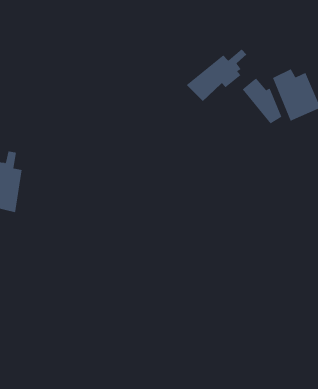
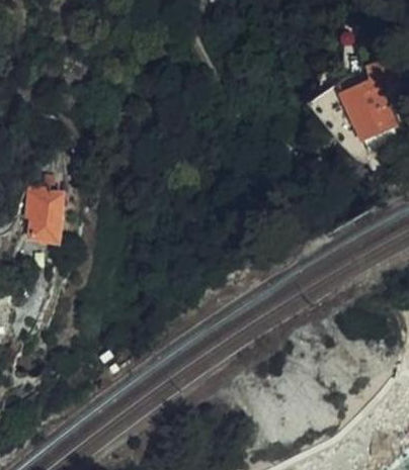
building: [186,48,247,102] -> none

